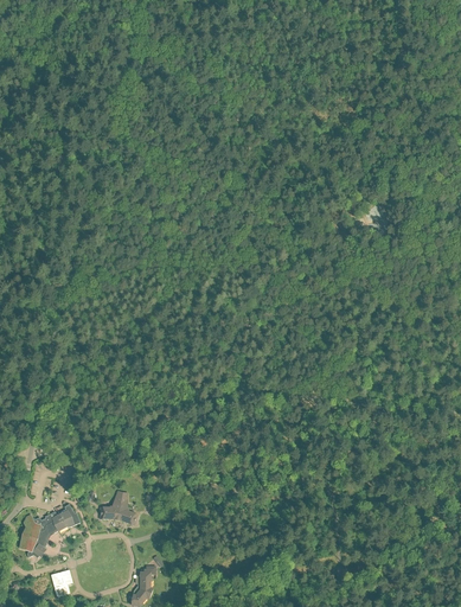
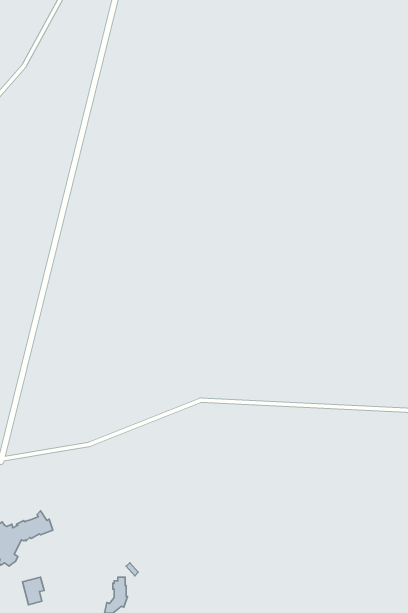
building: [101,490,139,524] -> none

